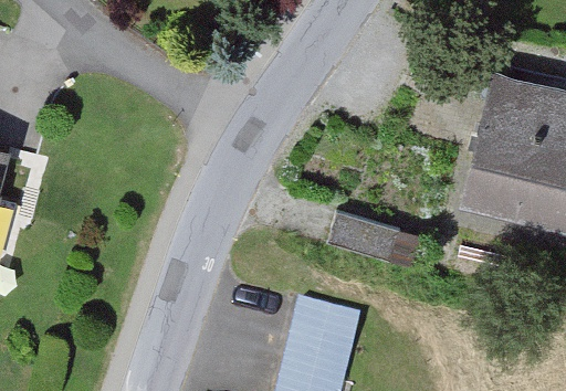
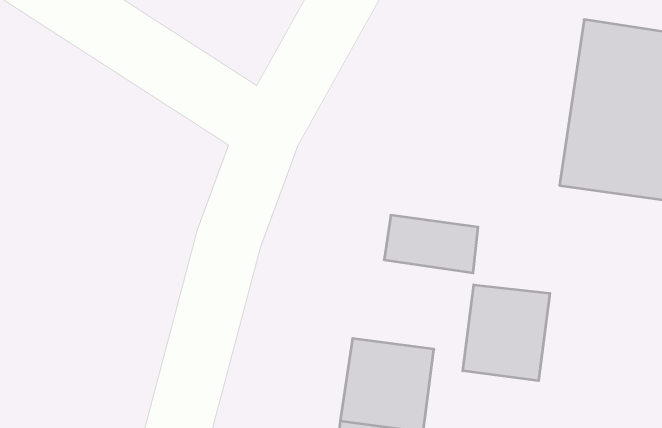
building: none -> [463,285,550,381]

